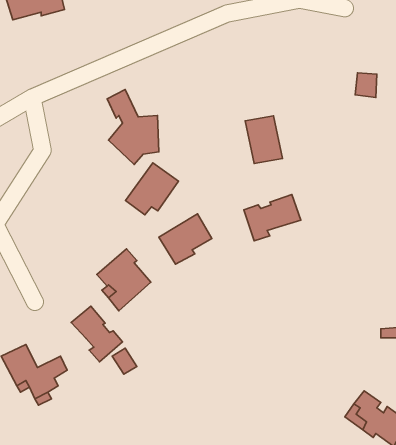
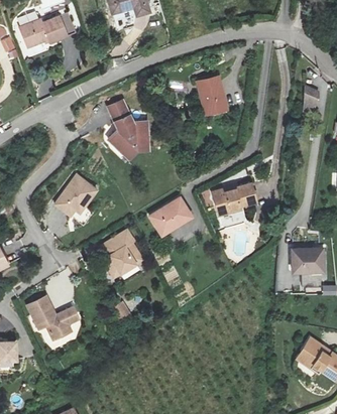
building: [245,116,283,164] -> [197,78,226,115]
building: [126,163,179,215] -> [54,175,96,216]
building: none -> [291,250,323,273]
building: [71,306,122,362] -> none

